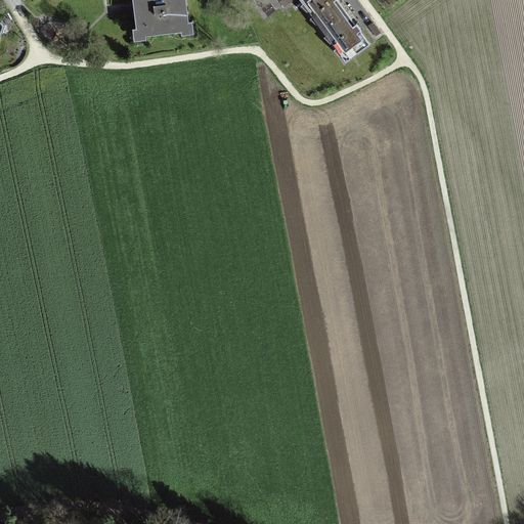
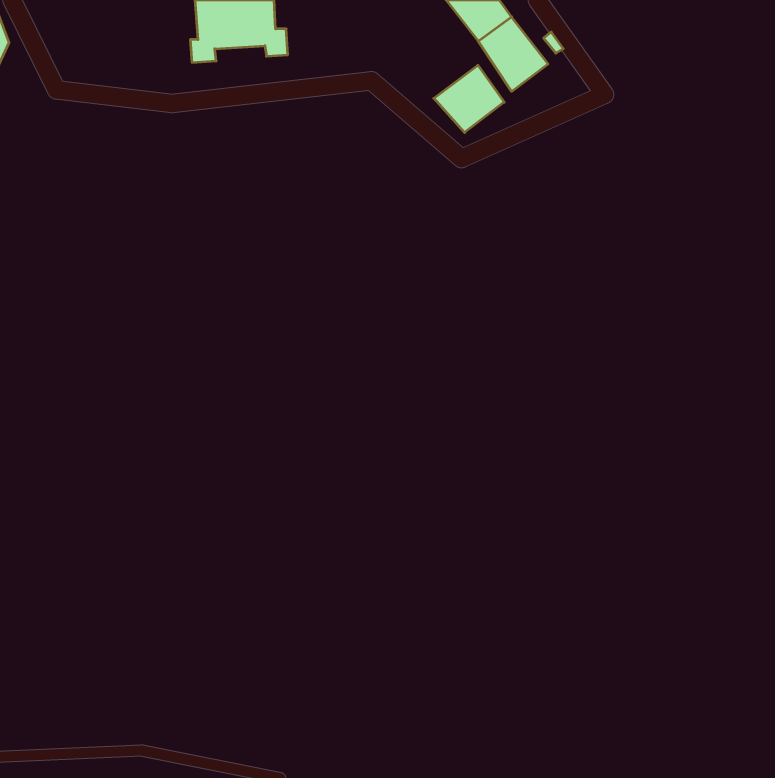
building: none -> [434,65,504,133]

